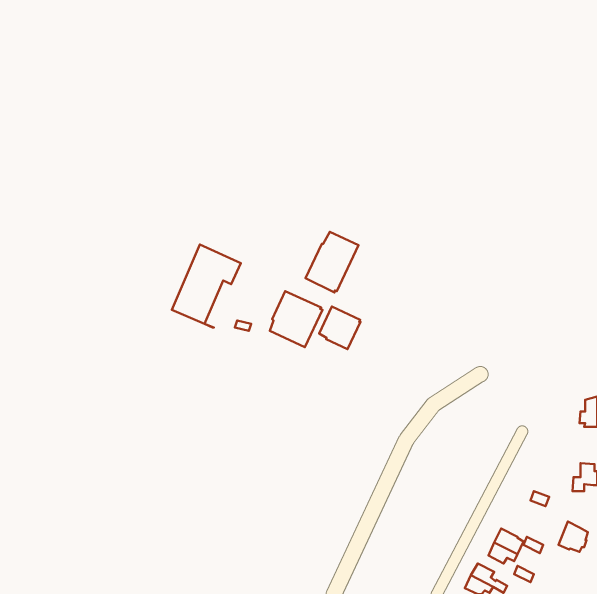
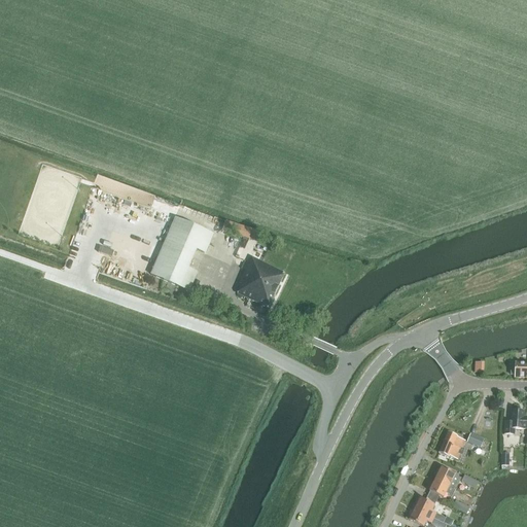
building: [306,232,358,292] -> none
building: [319,307,361,349] -> none
building: [559,522,588,552] -> [440,430,465,457]

